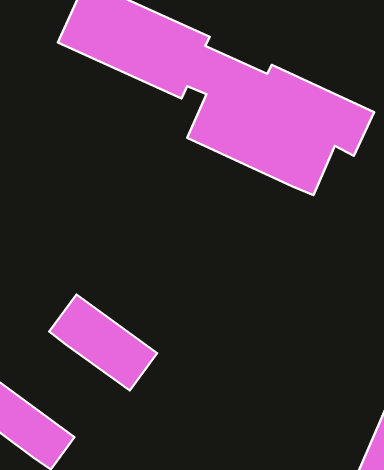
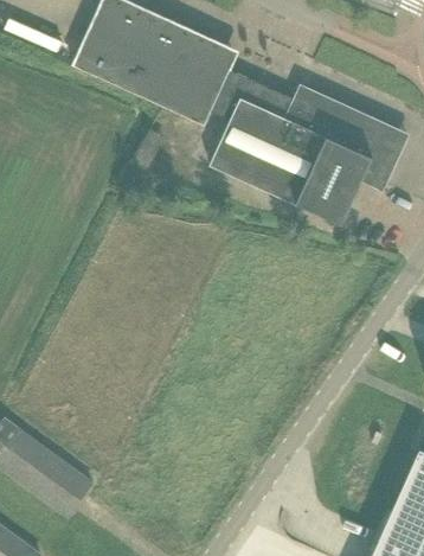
building: [49,294,157,390] -> none

